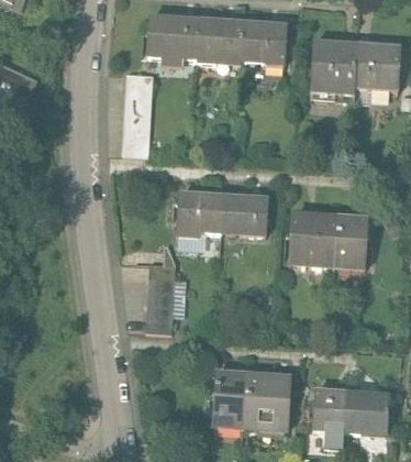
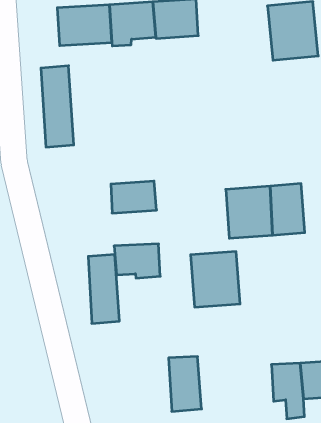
building: [306,38,355,103] -> none
building: [222,198,267,233] -> [114,244,160,278]
building: [243,375,290,429] -> [191,252,240,307]

